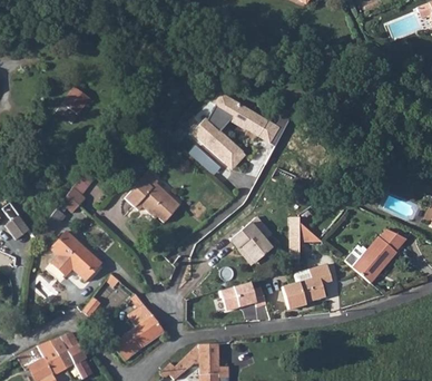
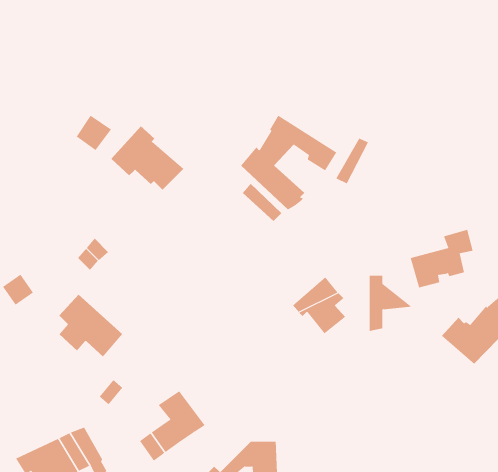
building: [125,172,181,222] -> [111,126,184,191]
building: [283,264,332,310] -> [410,229,474,288]
building: [220,280,266,309] -> none

